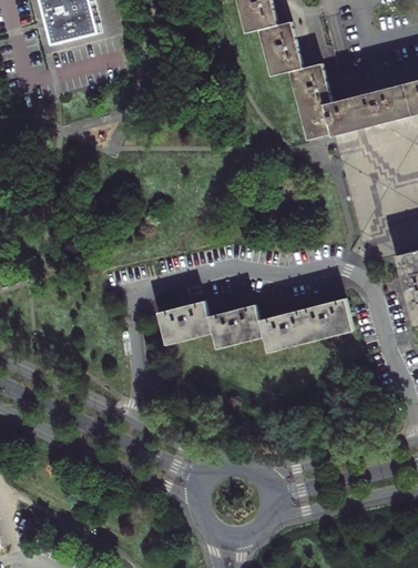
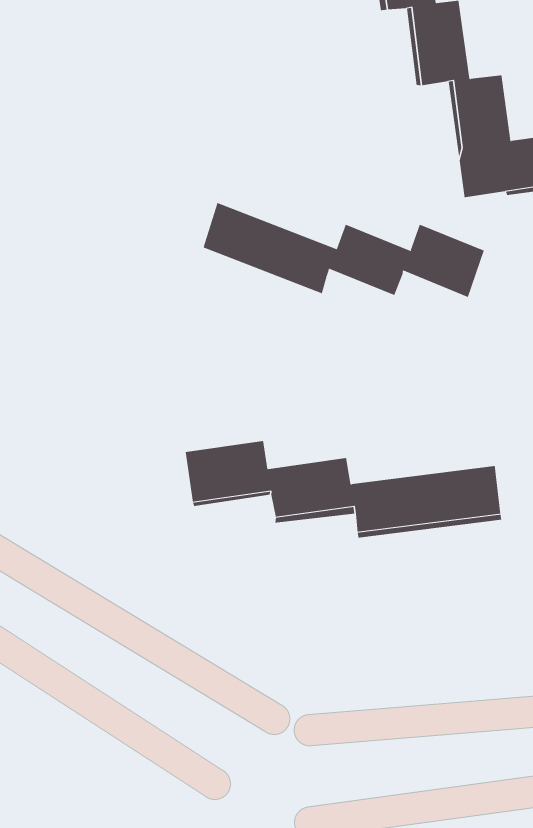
building: none -> [203,202,484,298]

